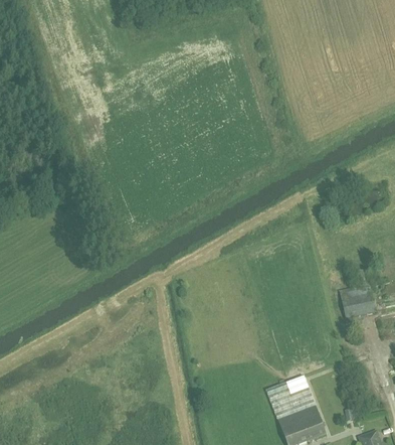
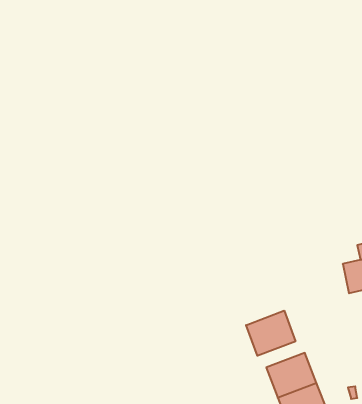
building: none -> [246,311,295,356]

